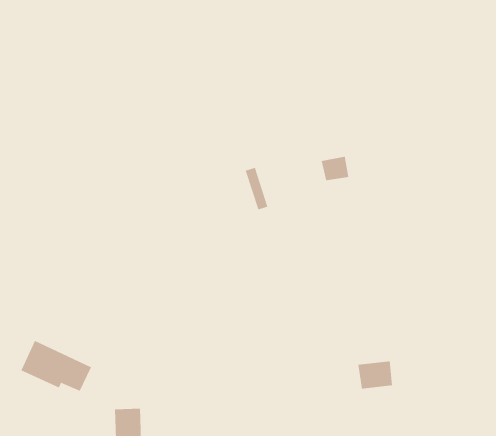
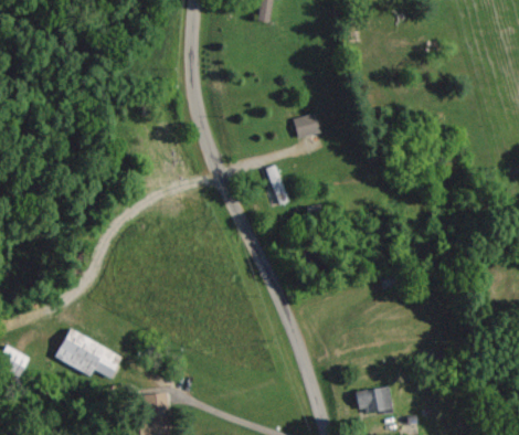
building: [321,156,349,181] -> [294,115,320,138]
building: [358,361,393,389] -> [359,386,392,413]

